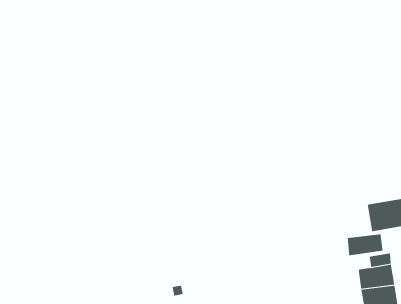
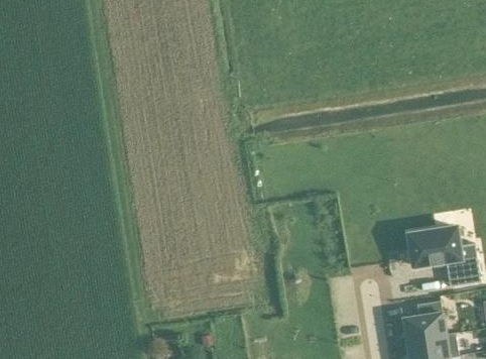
building: [347,234,383,256] -> none

